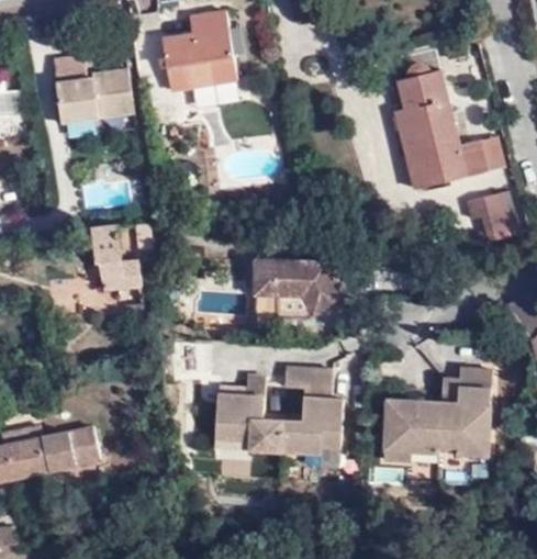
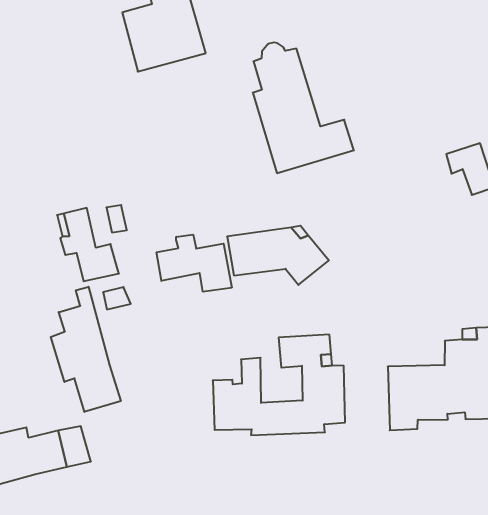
building: [54,58,133,124] -> none
building: [394,64,485,188] -> [253,42,354,173]
building: none -> [157,235,232,292]
building: none -> [51,287,121,412]

